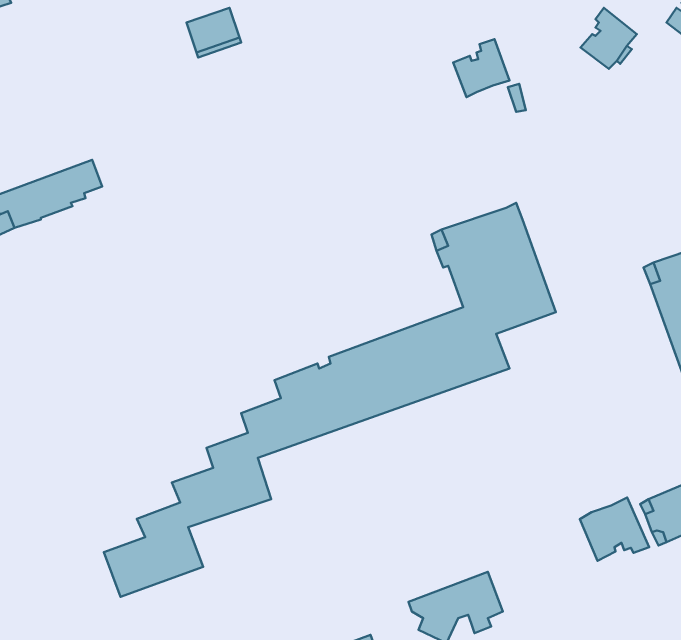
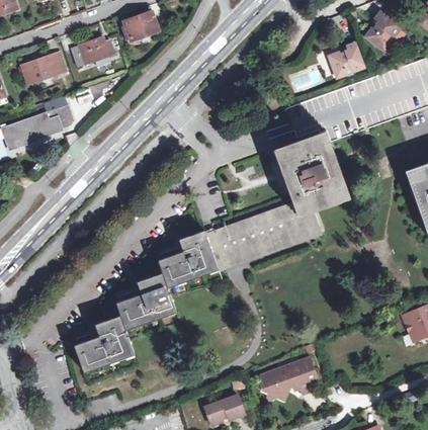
building: [453,39,509,97] -> [329,42,363,78]
building: none -> [71,38,113,67]
building: none -> [20,53,65,85]
building: [580,498,649,561] -> none

